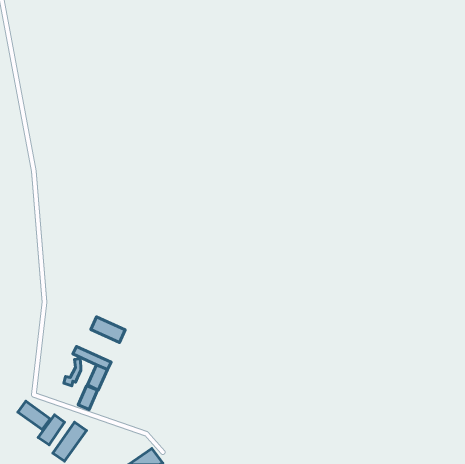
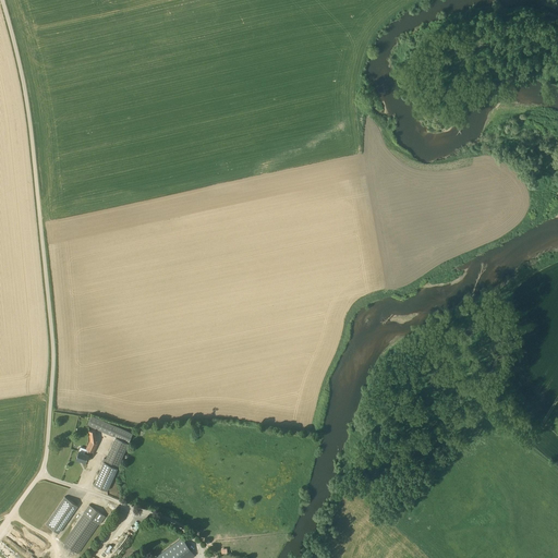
building: [91,317,125,342] -> none
building: [18,401,50,430] -> none

